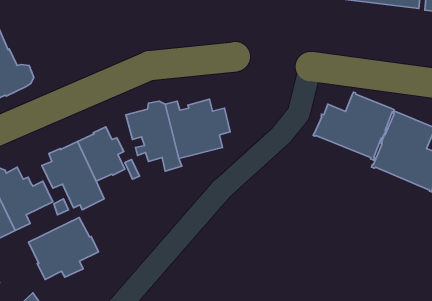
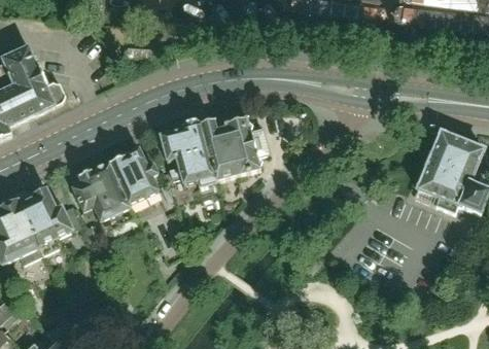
building: [313,92,394,160] -> none
building: [29,217,98,280] -> none

